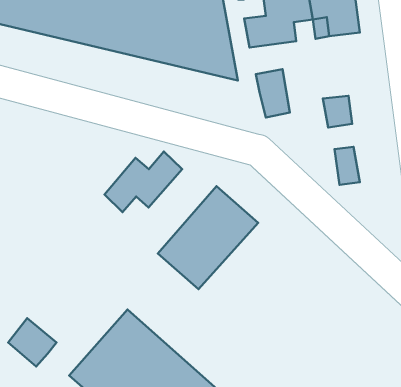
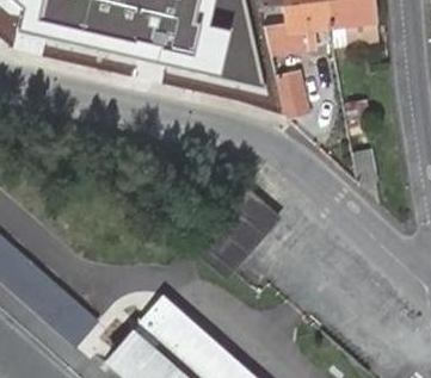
building: [104,151,182,212] -> none

